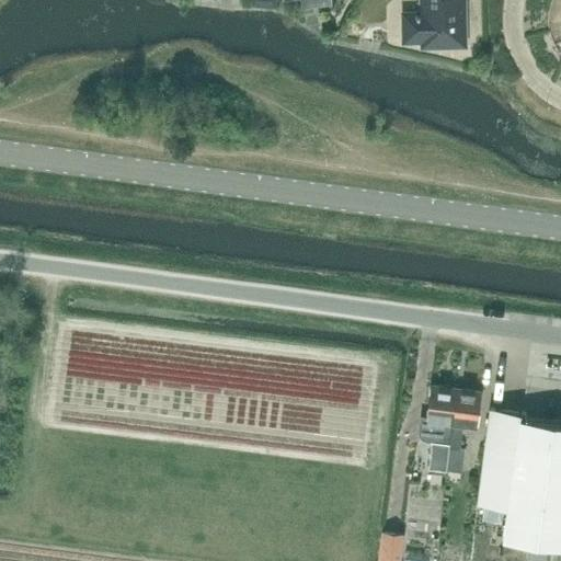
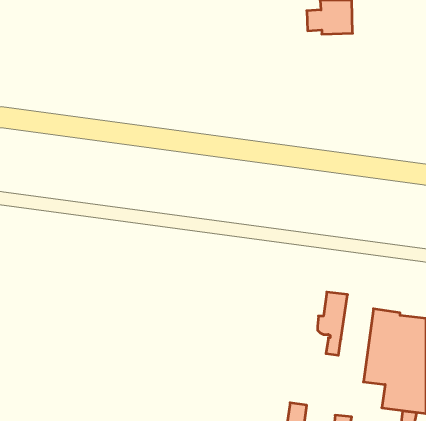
building: [445,393,482,476] -> none

